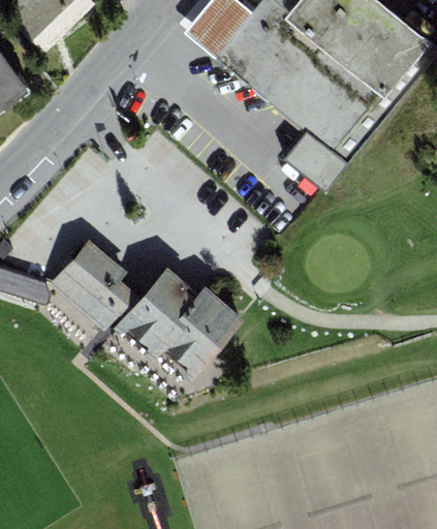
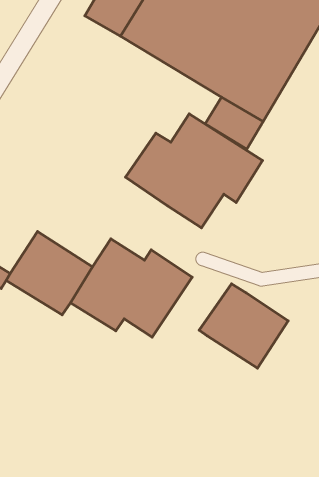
building: none -> [125,114,263,228]
building: none -> [199,284,288,368]

